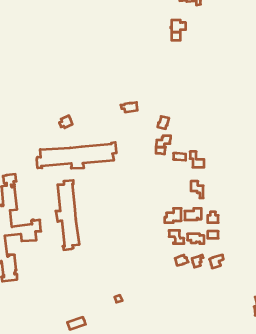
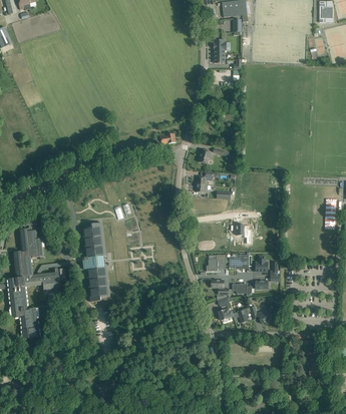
building: [37,142,116,168] -> none

